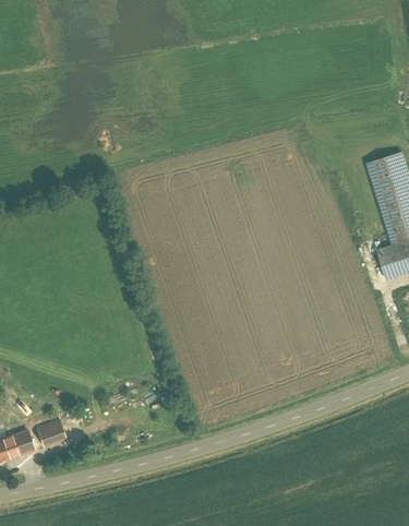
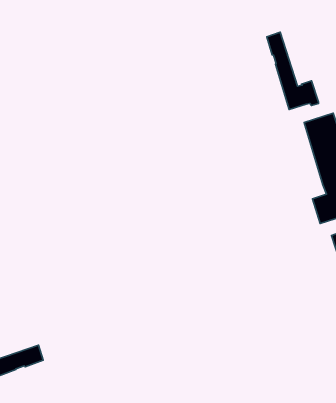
building: none -> [267,32,318,109]

